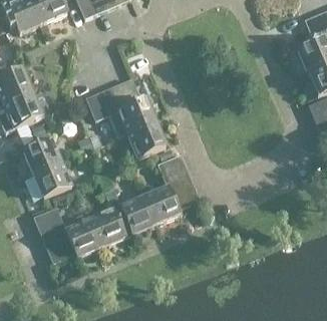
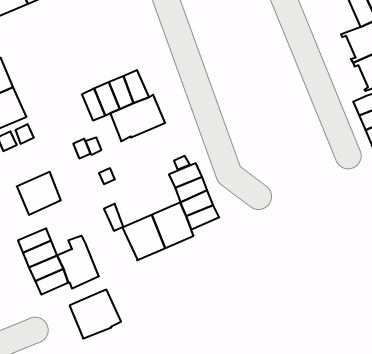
building: [125,120,164,156] -> none
building: [23,137,59,173] -> none
building: [88,206,130,246] -> [70,290,121,339]

